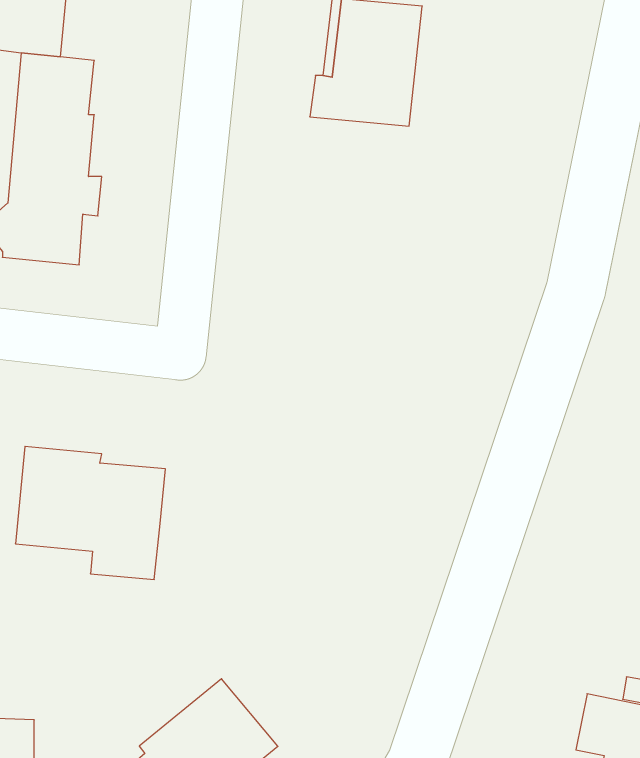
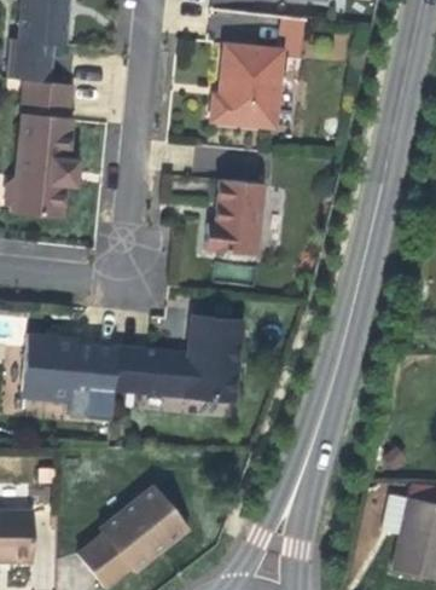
building: none -> [204,179,263,255]
building: none -> [114,318,242,401]

